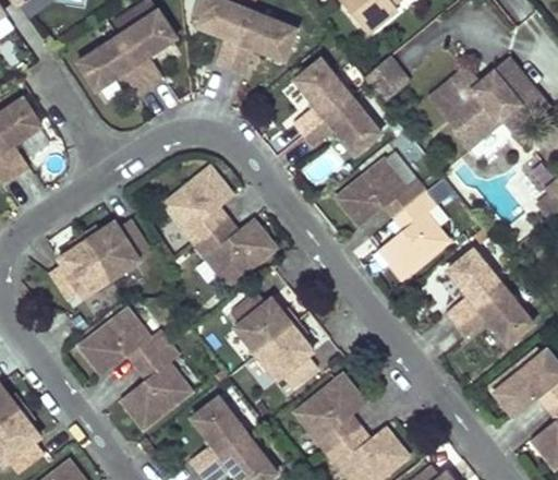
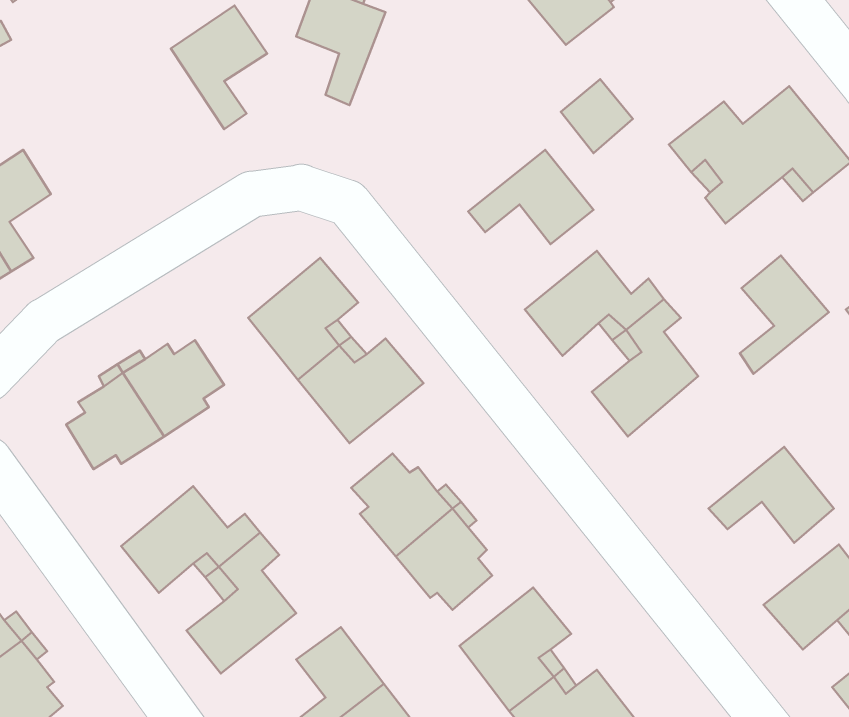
building: [228,9,295,73] -> none
building: [74,32,148,91] -> none
building: [293,58,352,135] -> none
building: [447,249,504,324] -> [740,255,829,374]

